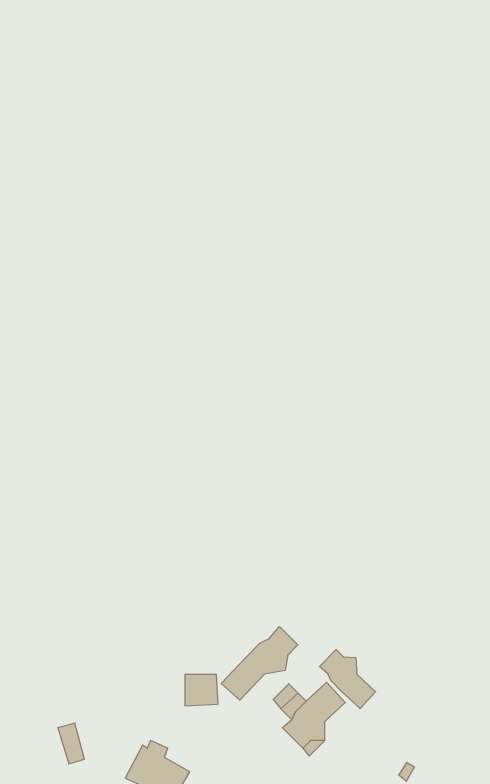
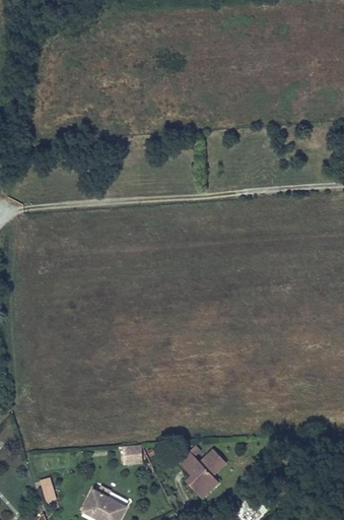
building: [221,627,298,700] -> none
building: [319,650,376,709] -> none

